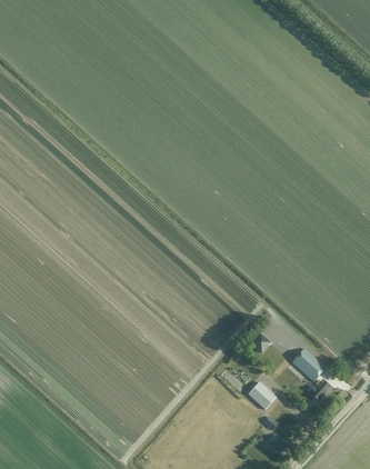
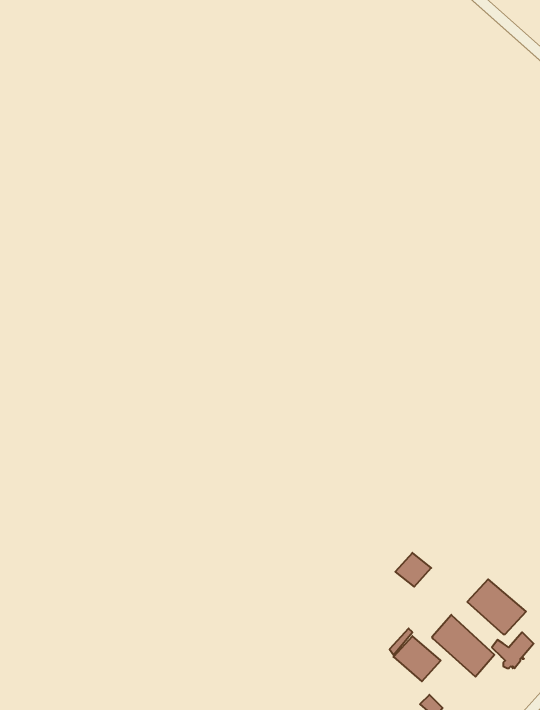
building: none -> [432,615,494,677]

